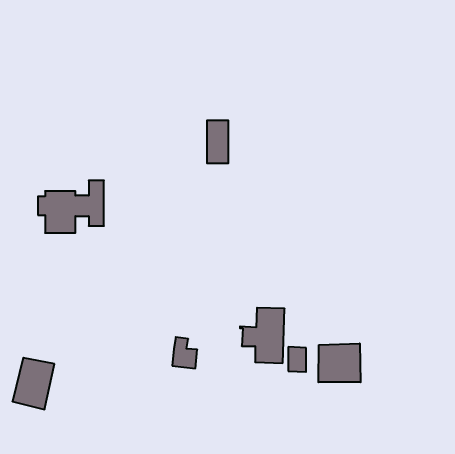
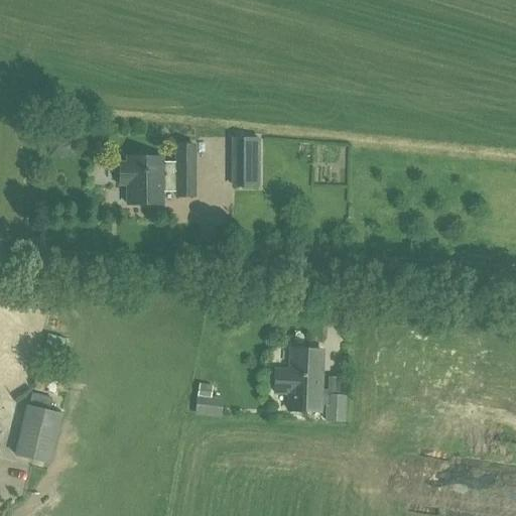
building: [38,180,104,233] -> [120,143,195,203]
building: [318,343,361,382] -> none

